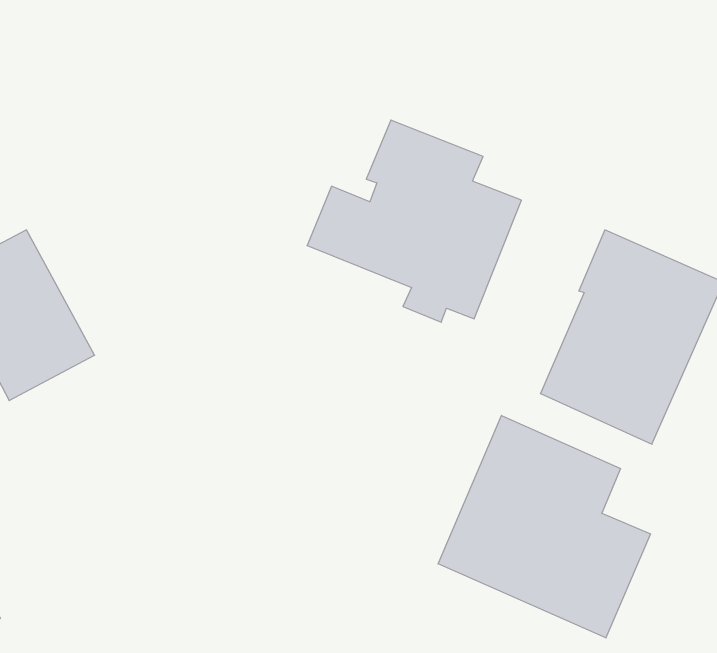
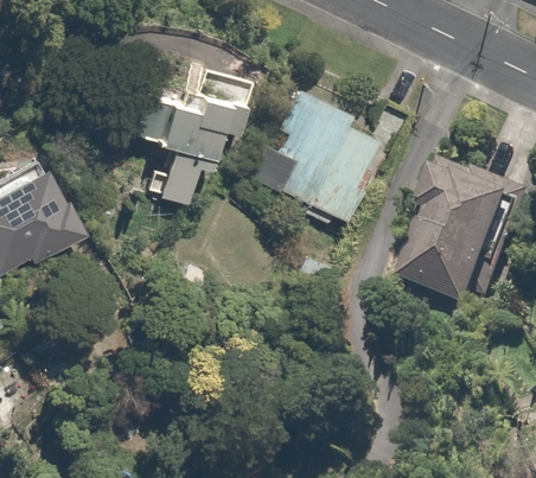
building: none -> [147,91,237,200]
building: [438,415,651,638] -> none

